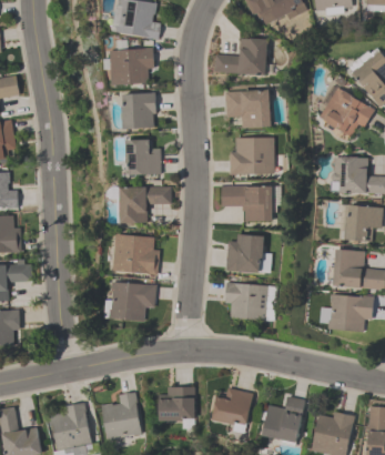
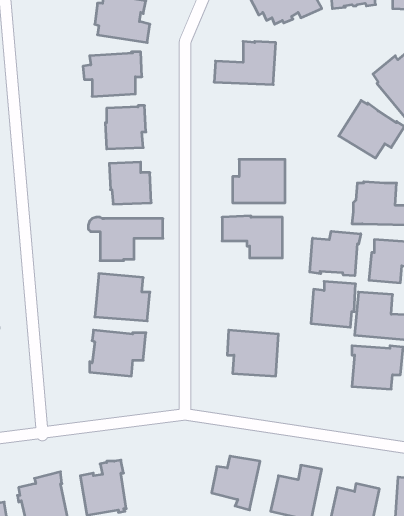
building: [224,90,271,129] -> none
building: none -> [310,231,361,276]
building: [225,234,263,273] -> [311,281,356,327]
building: [159,387,194,428] -> none

